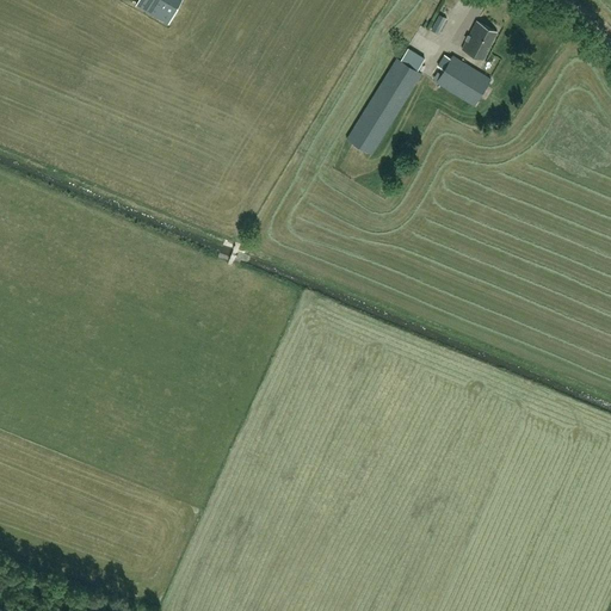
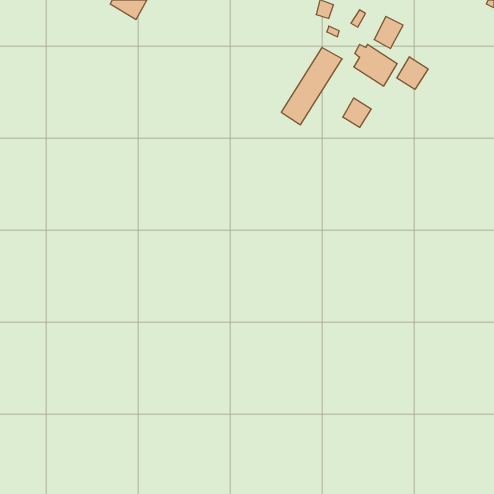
building: none -> [397,57,428,89]
building: none -> [343,98,371,127]

